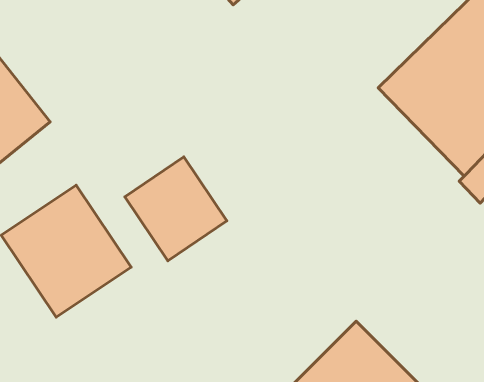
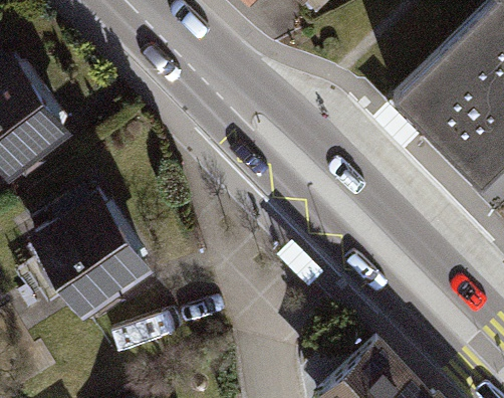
building: [125,157,227,261] -> none

